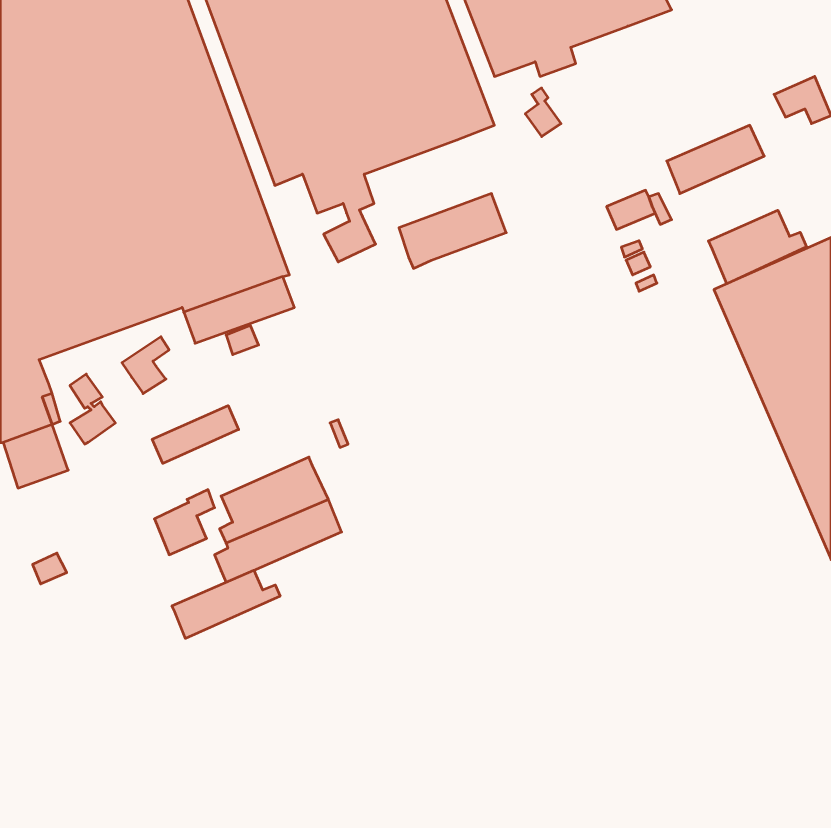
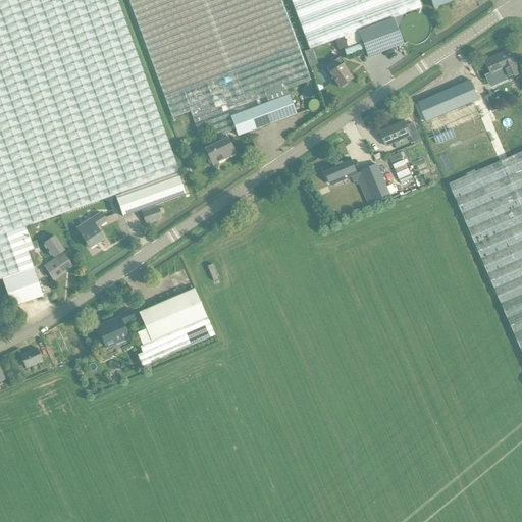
building: none -> [358,16,403,56]
building: [399,194,506,268] -> [228,88,296,135]
building: [708,210,807,284] -> none
building: none -> [324,157,357,184]
building: none -> [363,166,390,201]
building: [152,406,239,463] -> none
building: [172,570,280,638] -> none

